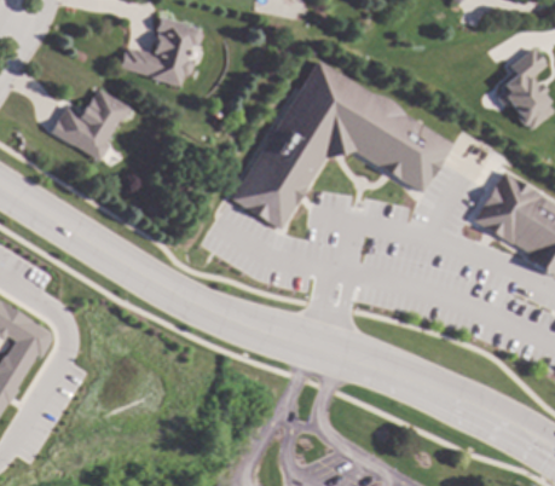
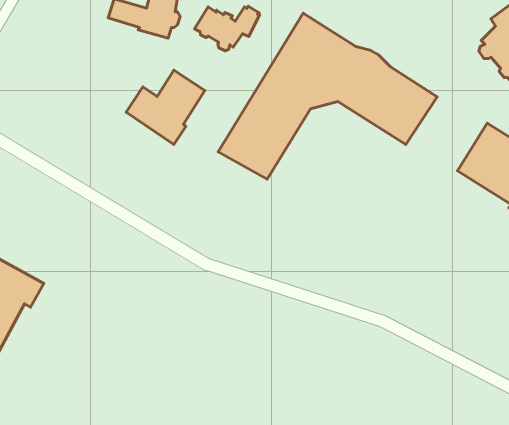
building: none -> [195,6,260,51]
building: [50,88,129,163] -> [126,70,205,144]

